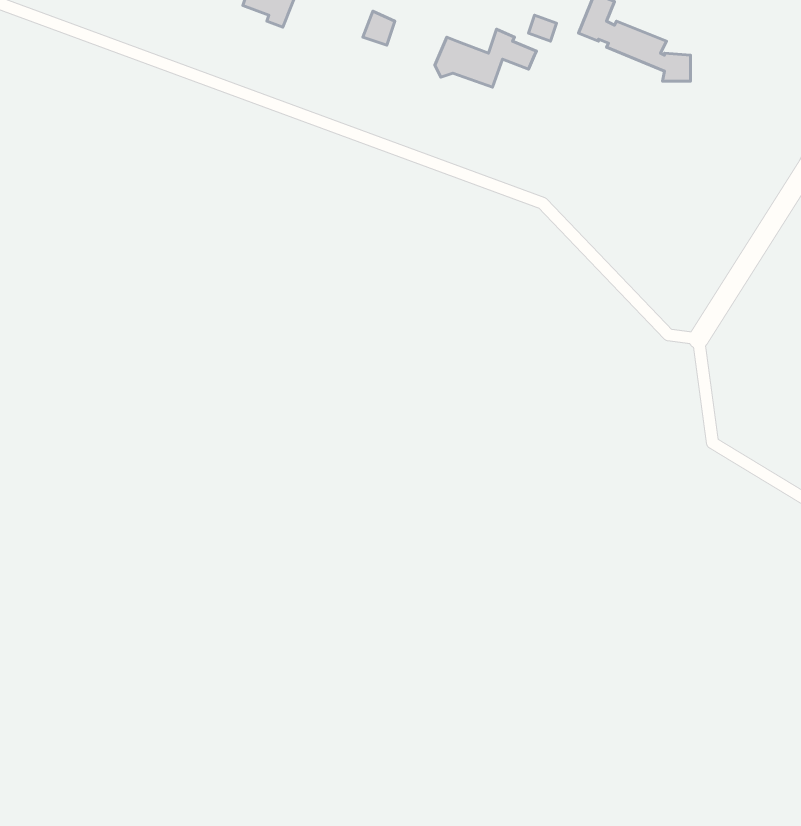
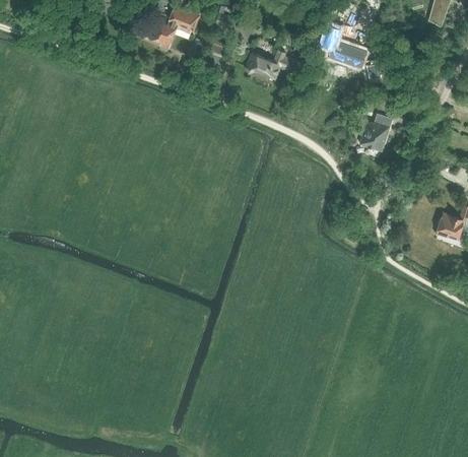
building: none -> [358,115,392,150]

